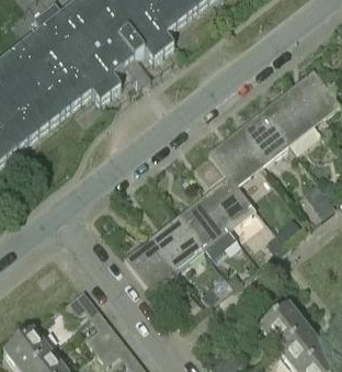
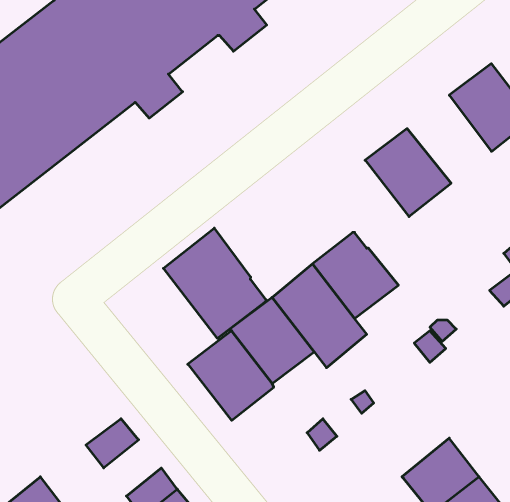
building: [261,88,314,143] -> none
building: [208,128,262,183] -> none
building: none -> [163,228,266,338]

